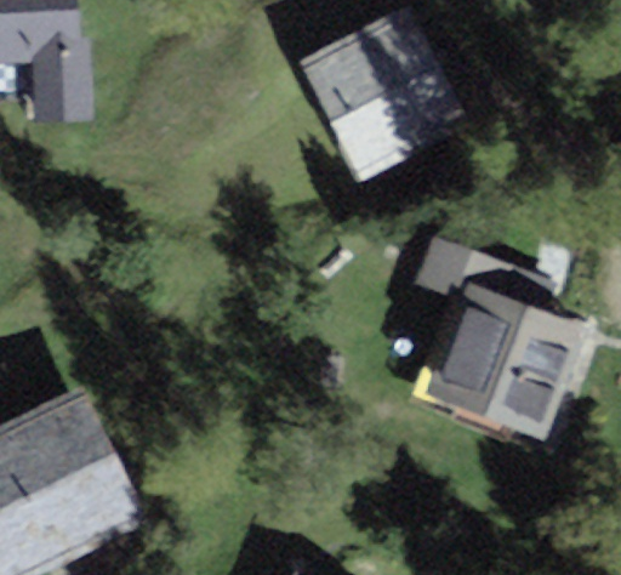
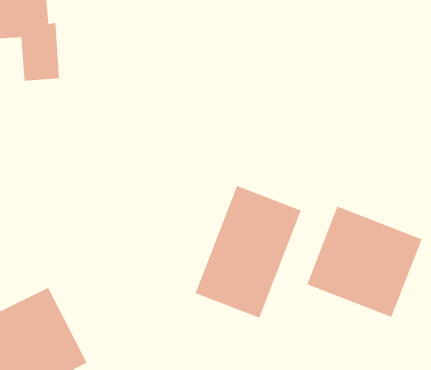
building: [304,13,462,172] -> none
building: none -> [195,185,301,319]

